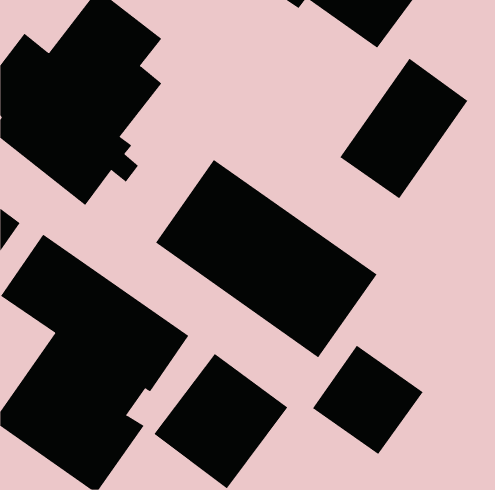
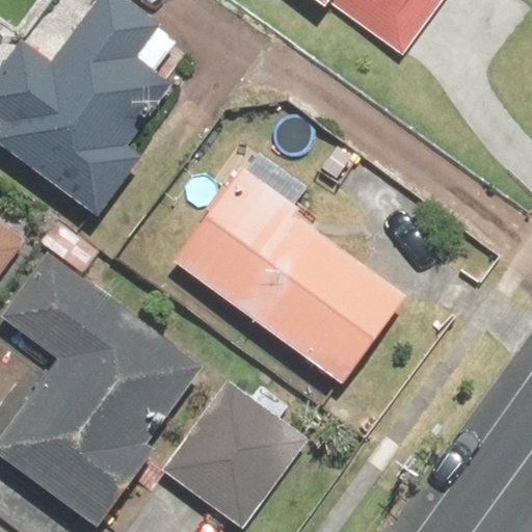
building: [339,58,468,199] -> none
building: [312,345,423,455] -> none

